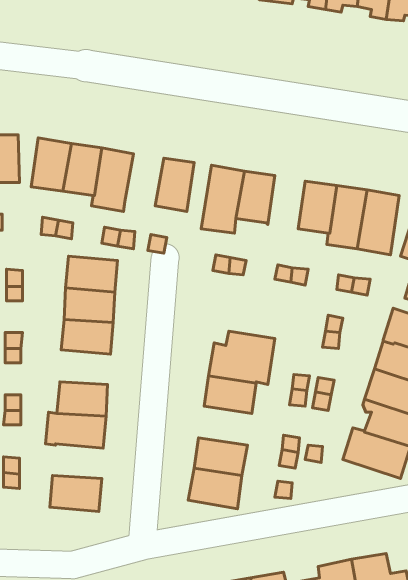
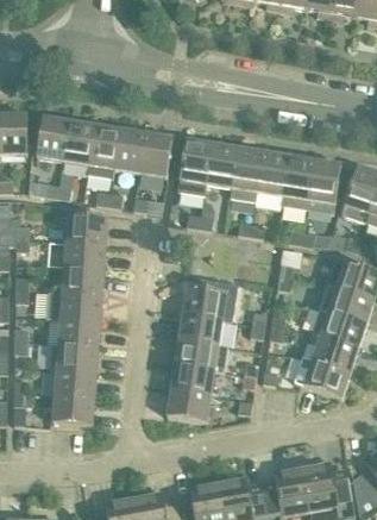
building: none -> [114,130,146,173]
building: none -> [230,148,263,201]
building: none -> [45,292,102,320]
building: none -> [175,338,228,371]
building: none -> [55,369,96,397]

